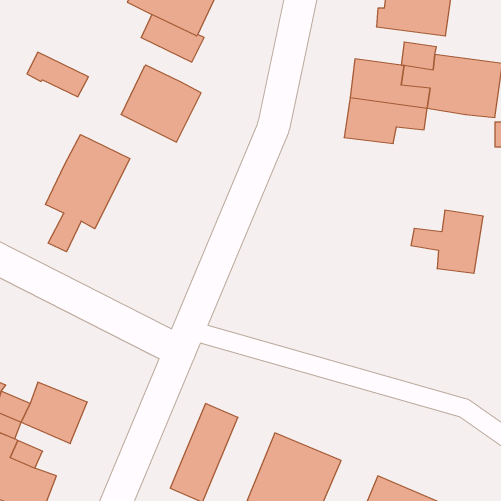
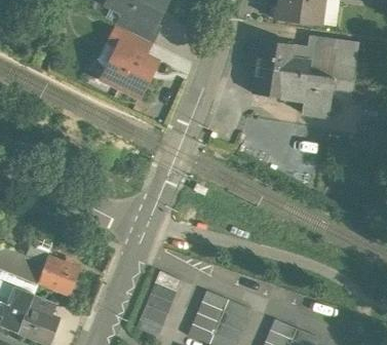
building: [27,52,88,97] -> [110,27,151,56]
building: [46,135,130,252] -> none
building: [411,210,483,273] -> [285,74,334,116]

